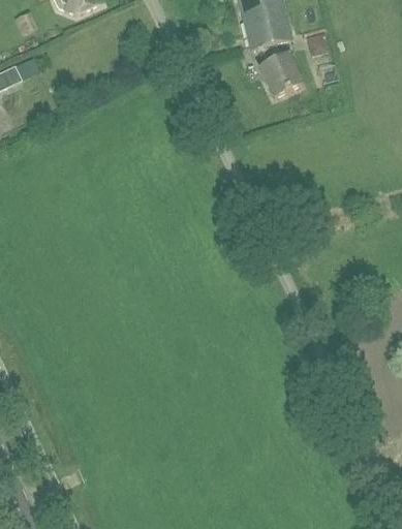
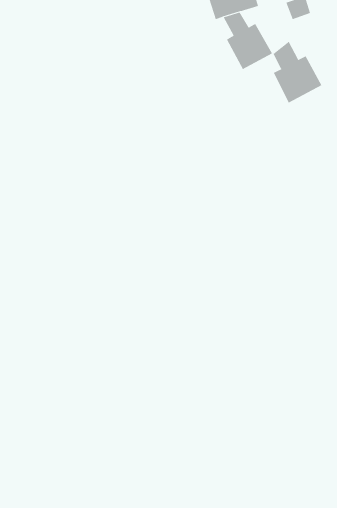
building: none -> [273,41,322,103]

